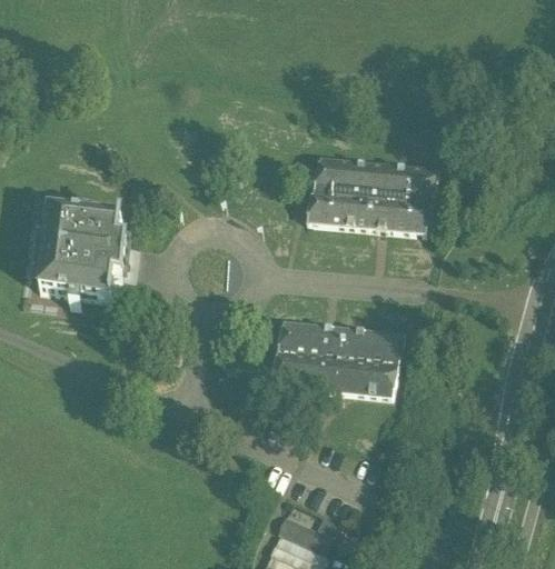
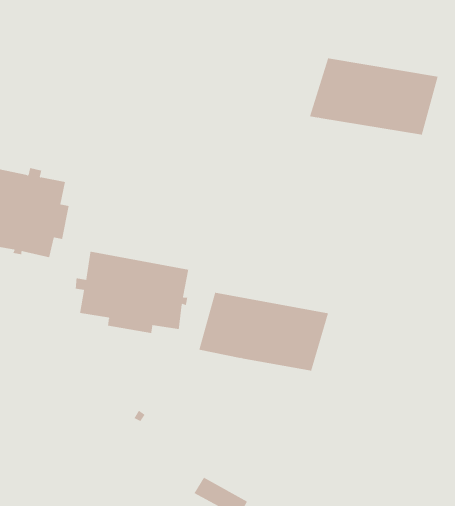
building: [305,159,436,232] -> [309,58,439,135]
building: none -> [75,251,189,334]

